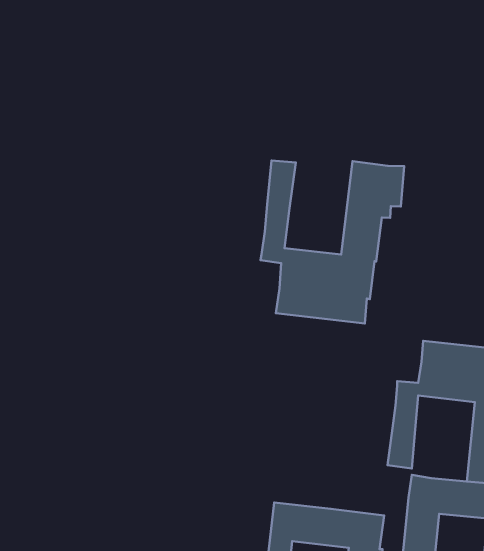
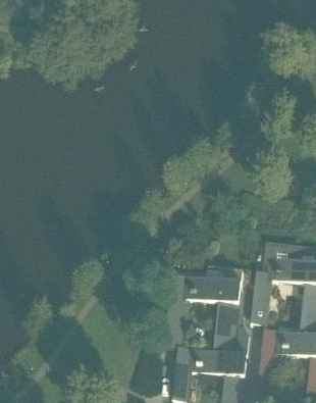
building: [260,160,404,324] -> none
building: none -> [164,266,250,354]

